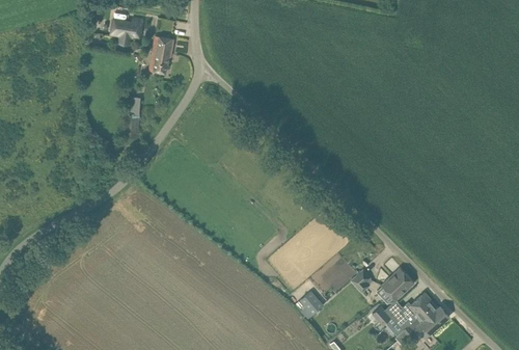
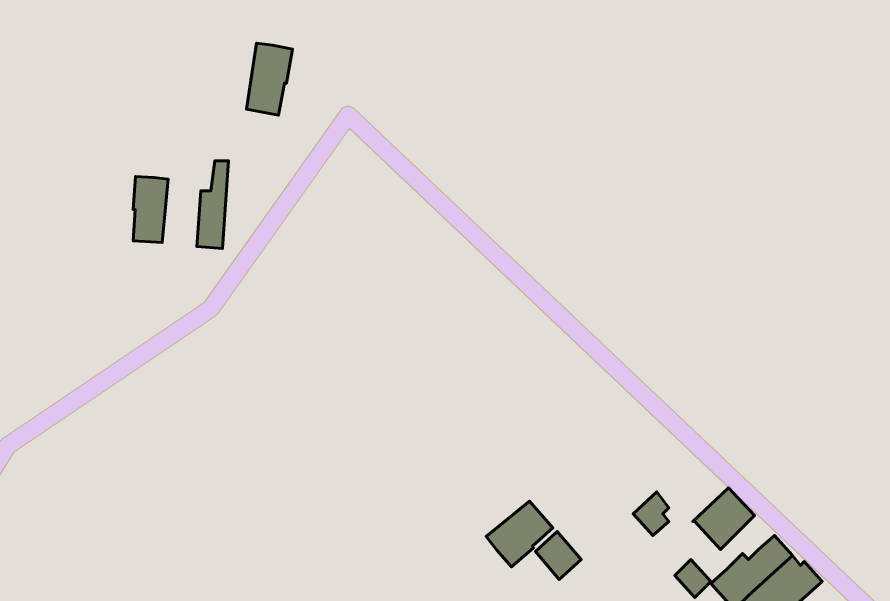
building: [110,19,143,41] -> none
building: none -> [133,177,168,242]
building: none -> [486,501,553,567]

